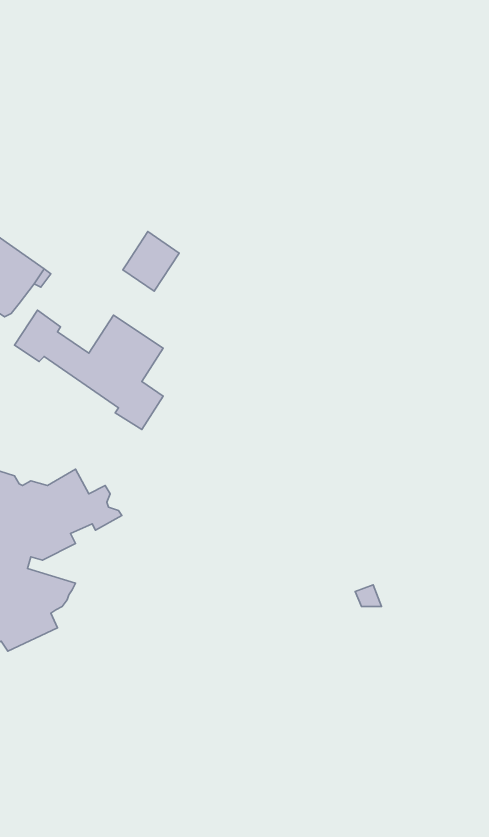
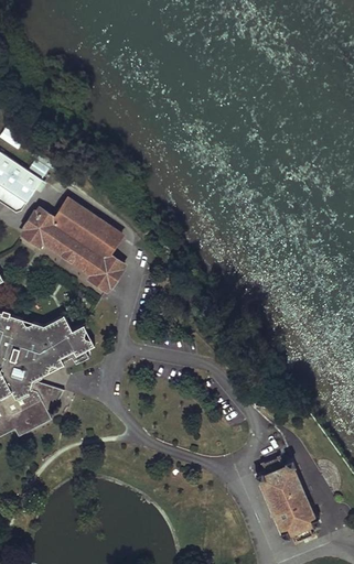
building: [123,232,179,291] -> [51,197,88,237]
building: none -> [256,454,317,541]

